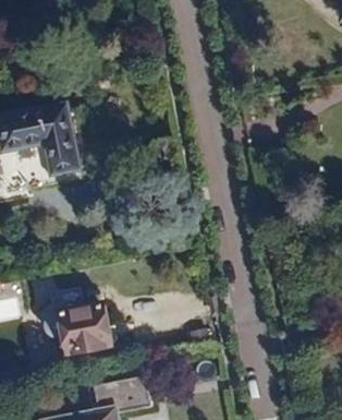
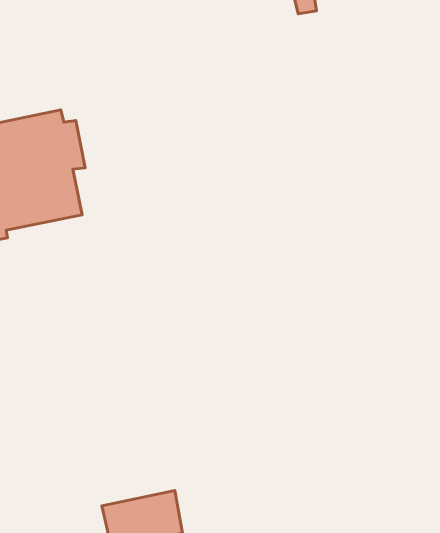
building: [45,273,110,352] -> none

